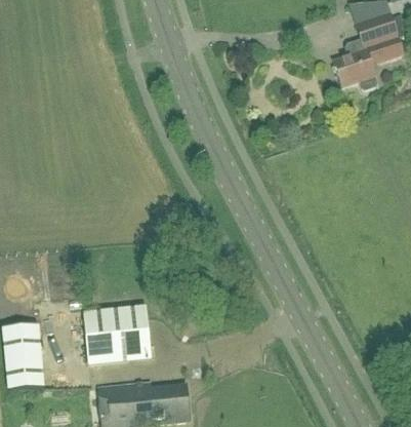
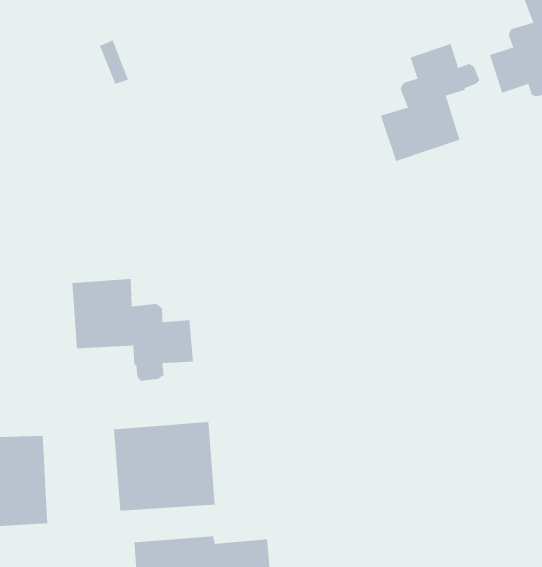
building: none -> [380,43,480,162]
building: none -> [72,278,194,381]

